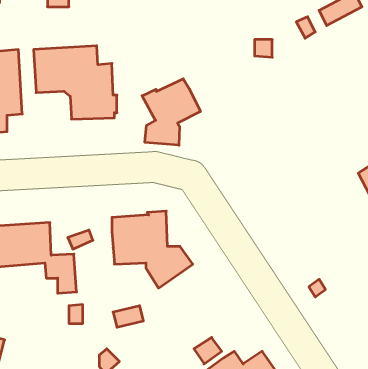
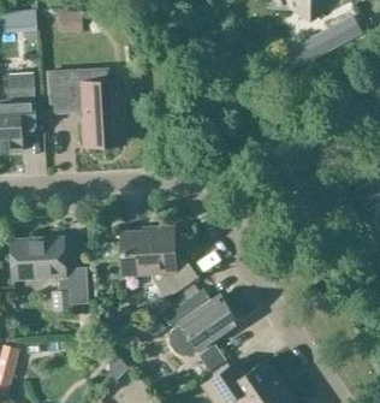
building: [142,79,200,145] -> none
building: none -> [159,284,238,355]

